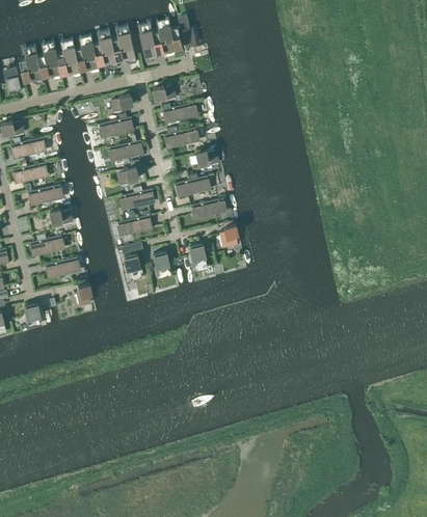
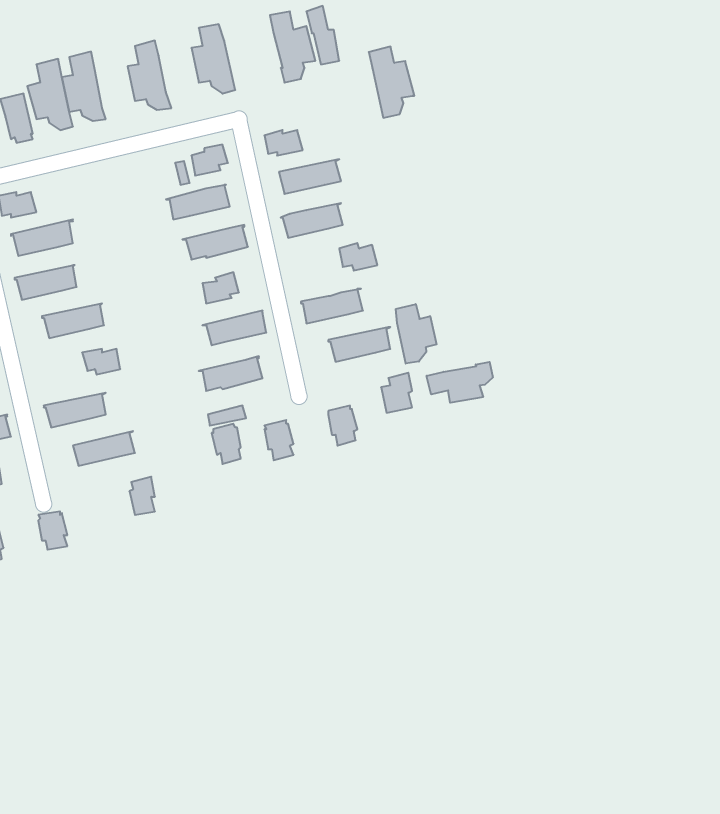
building: [137,24,163,64] -> [369,47,414,118]
building: [92,31,117,71] -> none
building: [56,42,81,80] -> none
building: none -> [396,304,437,364]
building: none -> [427,362,493,403]

